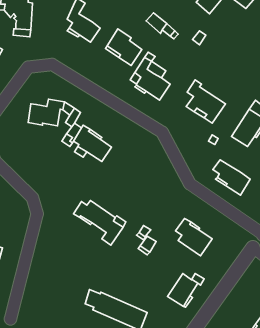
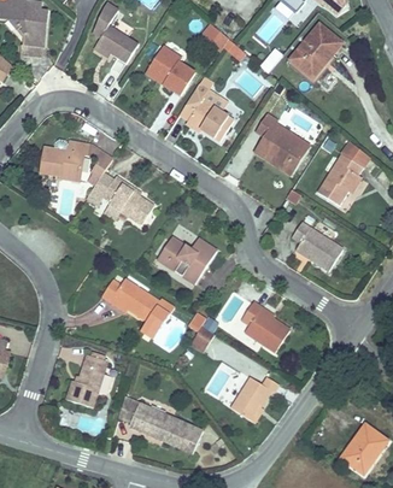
building: none -> [291,24,341,77]
building: none -> [157,236,217,283]
building: none -> [66,353,107,407]

